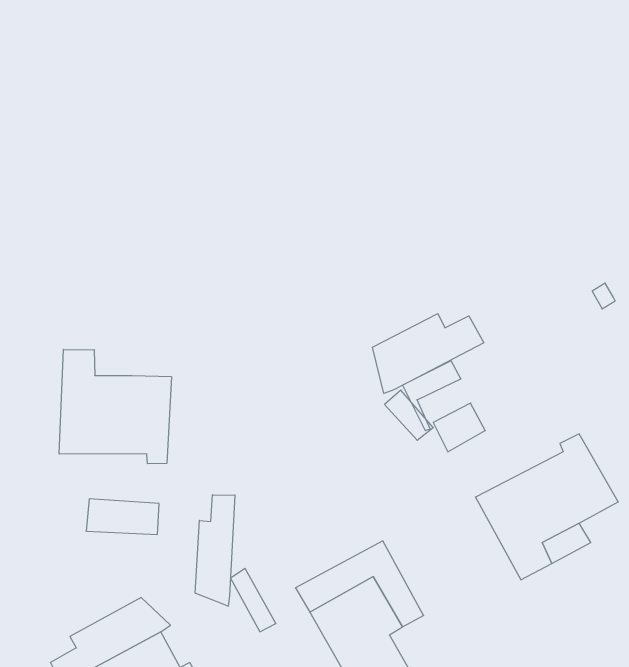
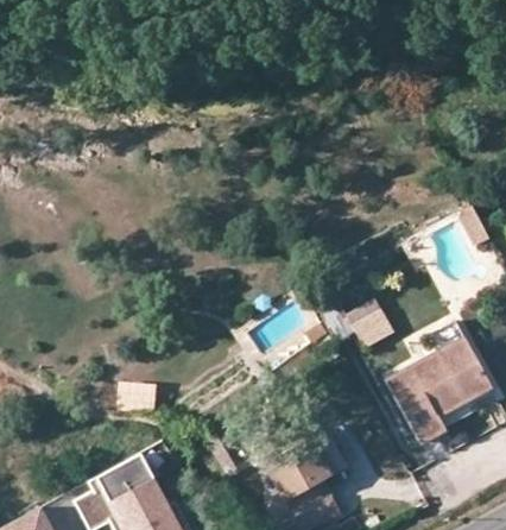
building: [372,314,484,393] -> none
building: [59,349,171,464] -> none
building: [195,495,235,606] -> none

